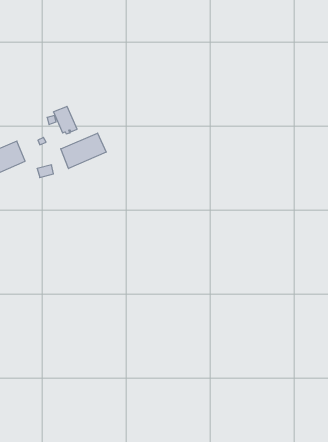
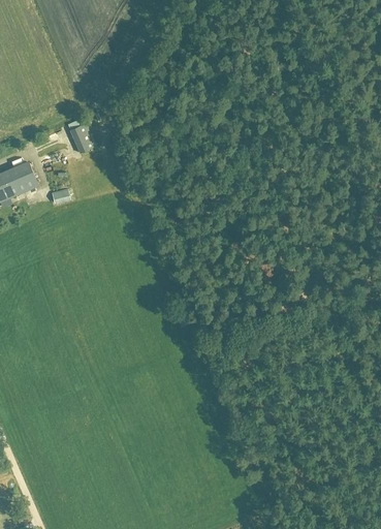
building: [61,133,106,169] -> none

